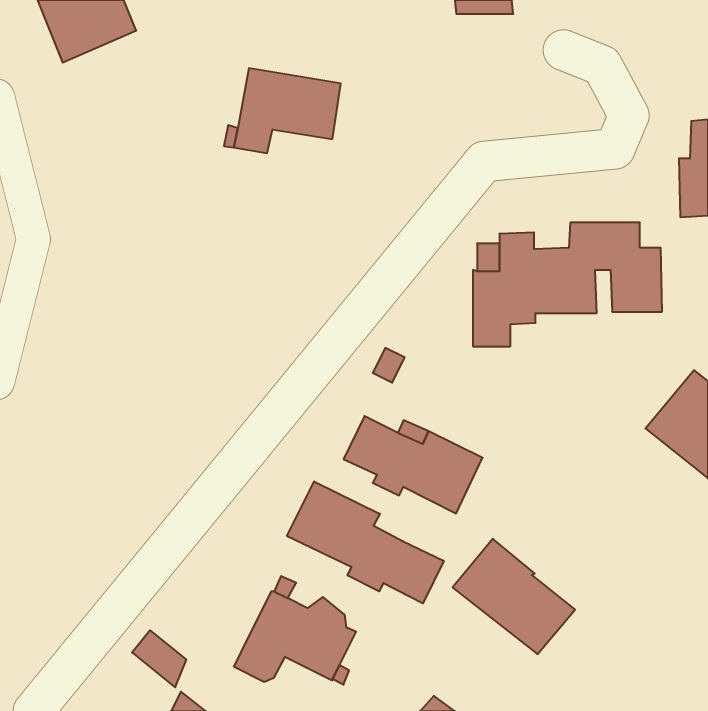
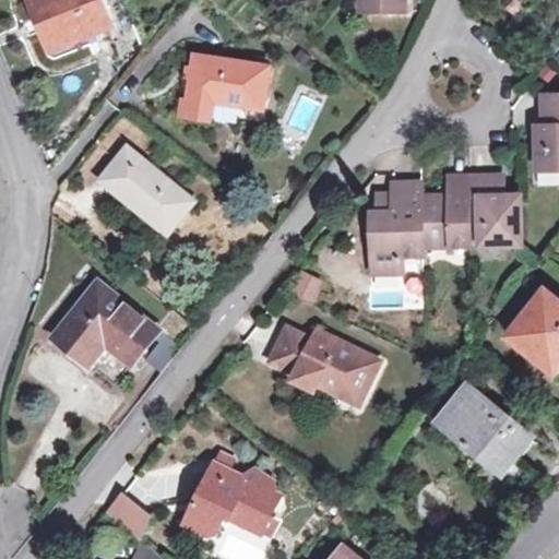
building: none -> [99,147,192,234]
building: none -> [53,284,157,365]
building: [287,481,444,603] -> none
building: [453,539,575,654] -> [436,383,532,474]

